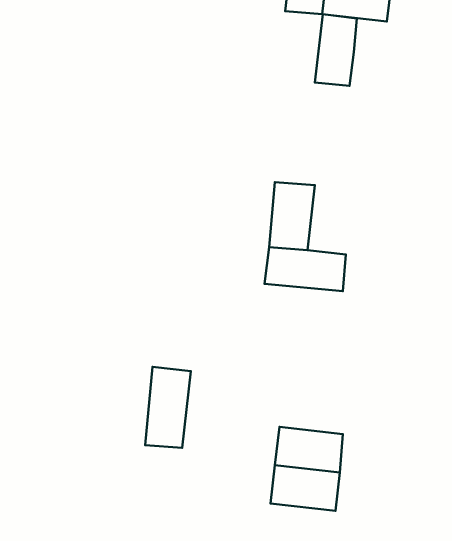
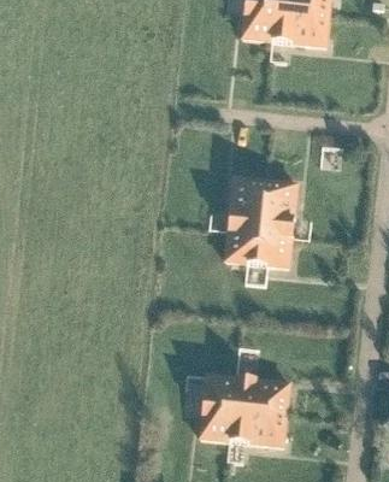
building: [315,14,357,86] -> none
building: none -> [259,180,296,236]
building: [145,367,191,448] -> [199,374,236,440]

